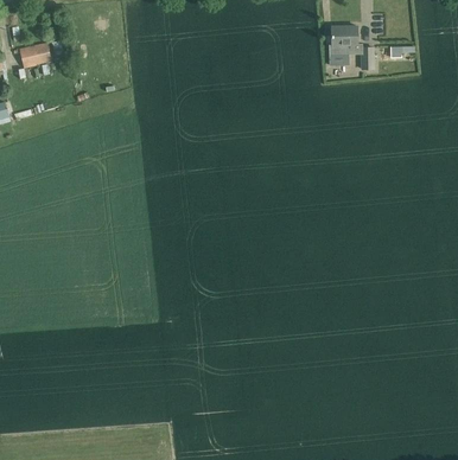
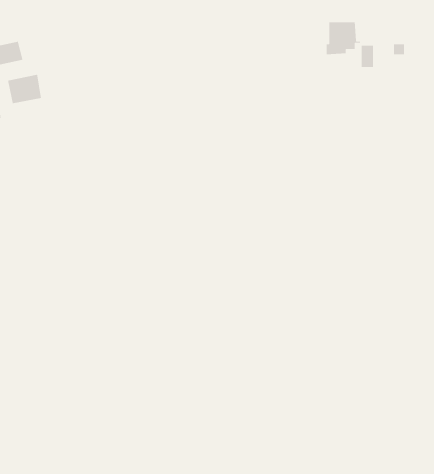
building: none -> [7,74,42,104]

